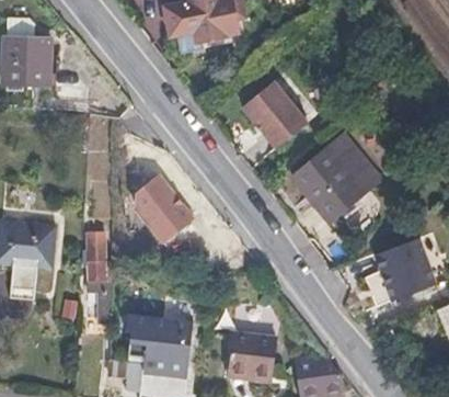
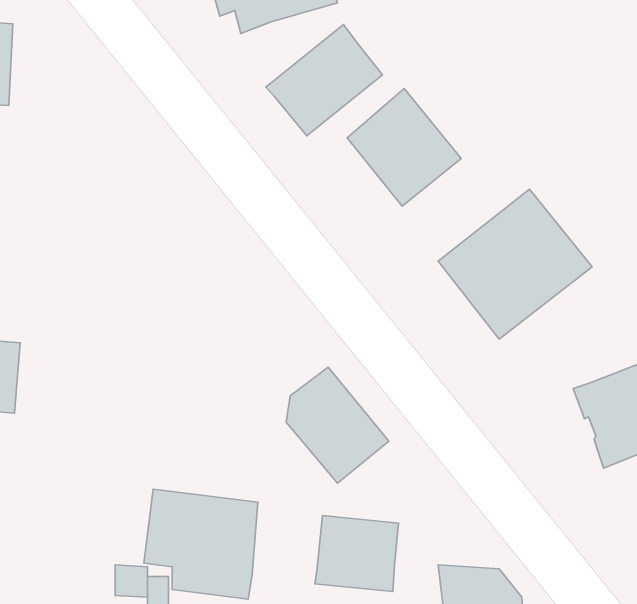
building: none -> [266,25,382,136]
building: [129,169,188,236] -> [286,367,389,483]
building: [82,232,111,300] -> none

